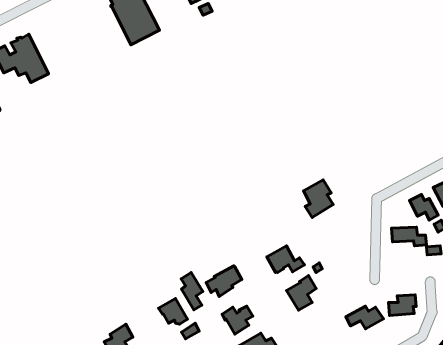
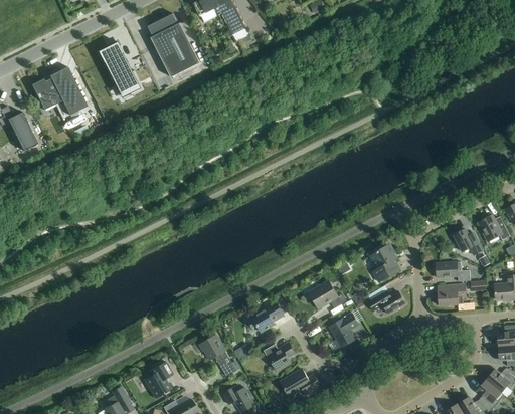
building: none -> [98,42,140,96]
building: [303,180,333,218] -> [370,244,400,282]
building: [181,272,203,310] -> none
building: [388,295,416,315] -> [438,284,466,305]
building: [346,306,383,329] -> [368,290,406,314]

